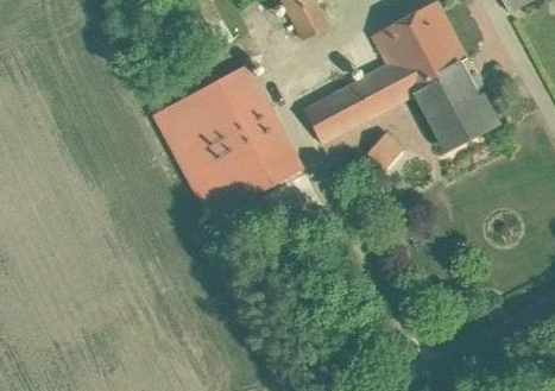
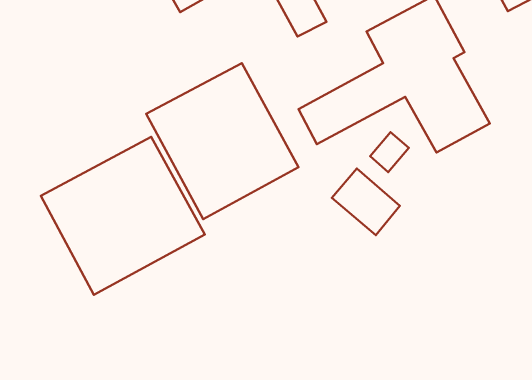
building: none -> [41,137,205,295]
building: none -> [332,168,400,235]

